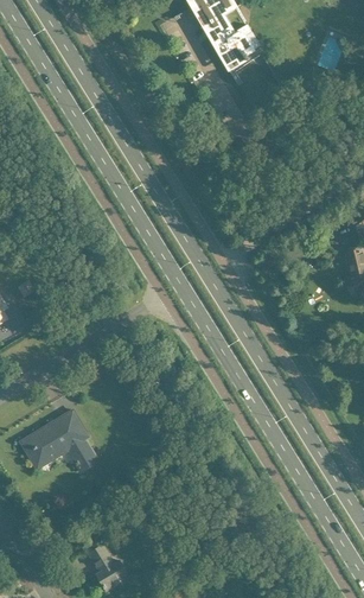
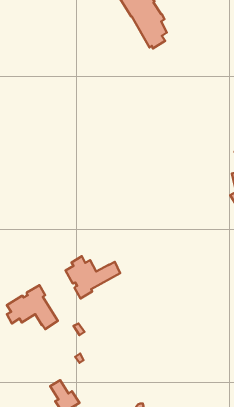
building: none -> [66,256,120,298]

